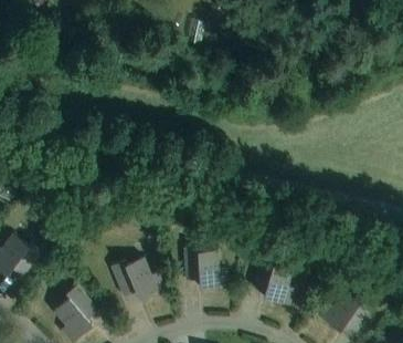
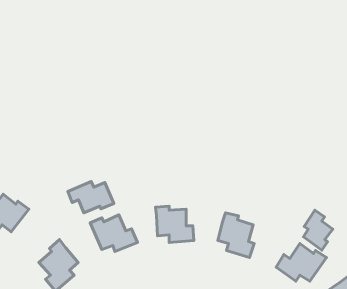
building: none -> [68,182,114,213]
building: none -> [303,210,333,250]

